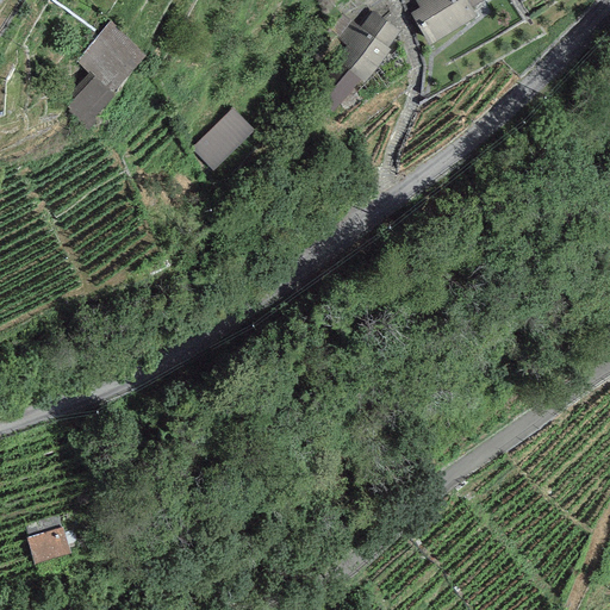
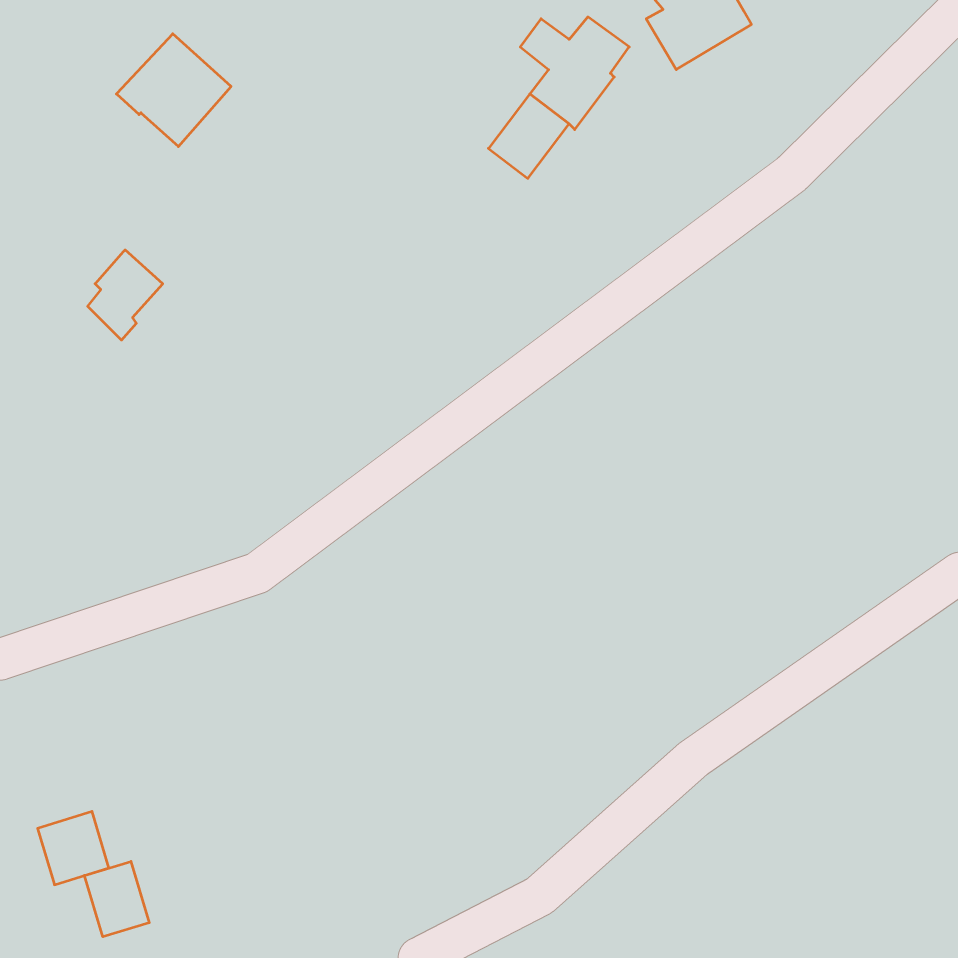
building: [67,71,114,129] -> [88,250,163,340]
building: [192,107,255,169] -> none
building: none -> [84,861,149,937]

